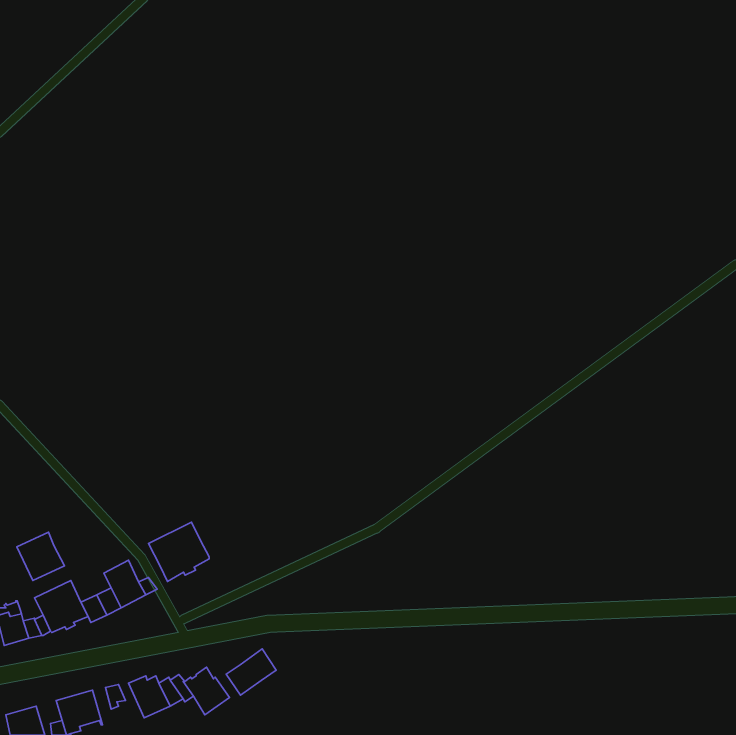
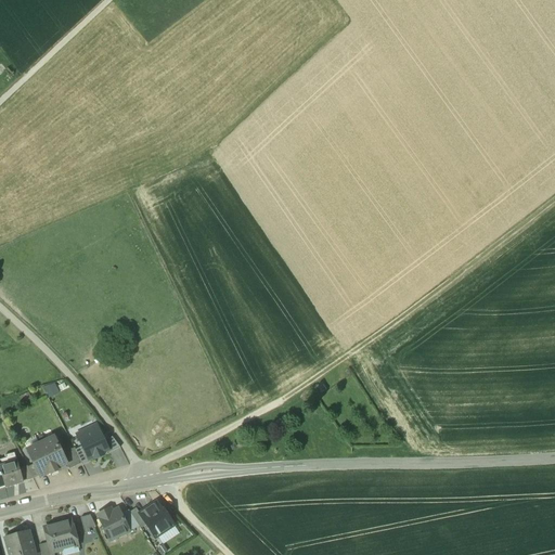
building: [149,522,209,581] -> none
building: [17,532,65,580] -> none
building: [226,649,276,695] -> none

